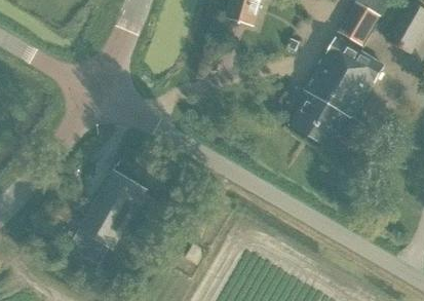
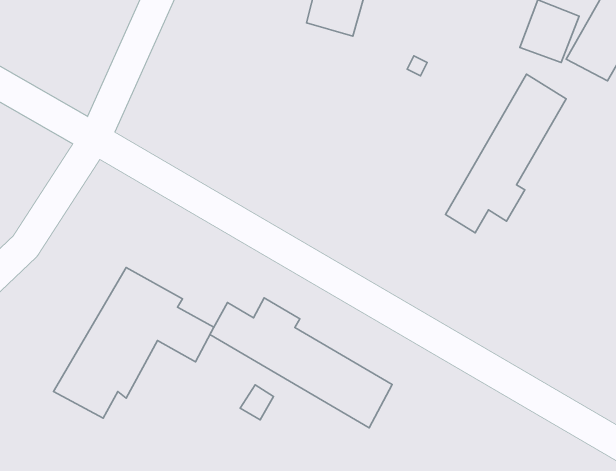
building: [288,36,360,137] -> none
building: none -> [210,298,392,428]

